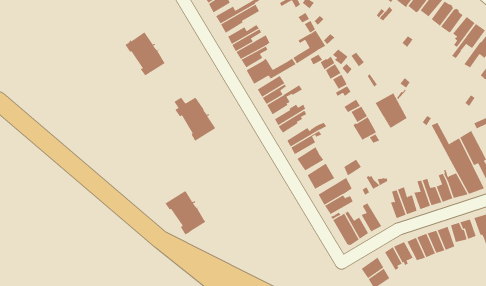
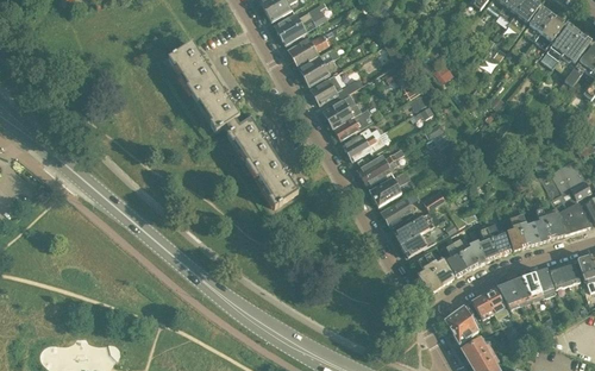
building: none -> [192,78,239,131]
building: [375,92,407,129] -> none
building: [164,190,206,235] -> [250,155,299,207]
building: none -> [452,238,486,269]

